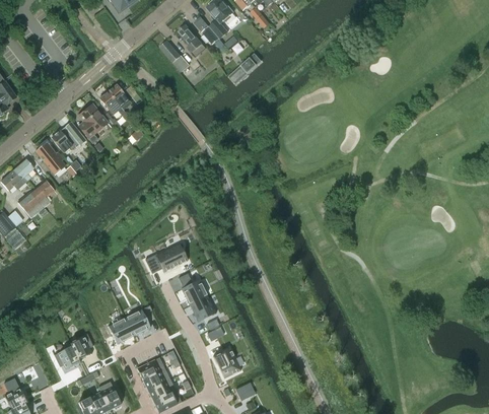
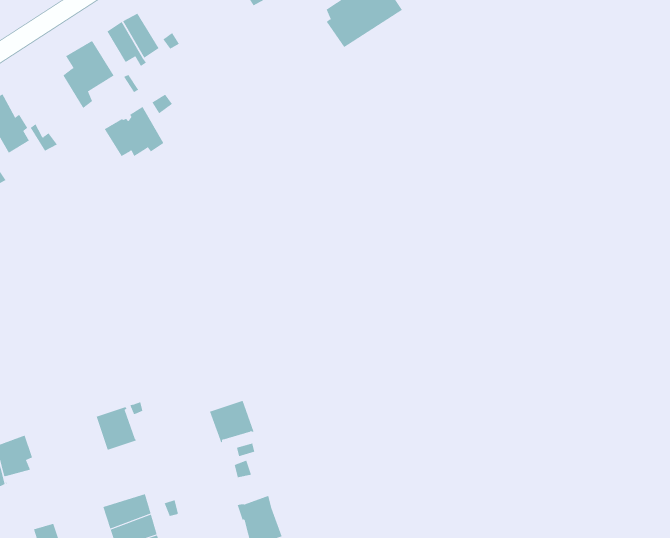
building: [51,121,86,151] -> [104,106,164,157]
building: [144,243,188,273] -> none
building: [178,273,207,304] -> none
building: [108,317,134,343] -> none

